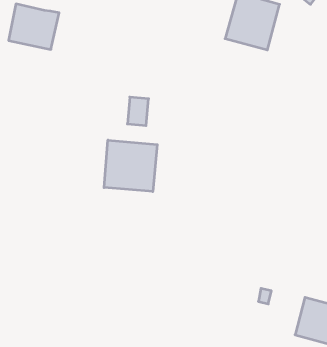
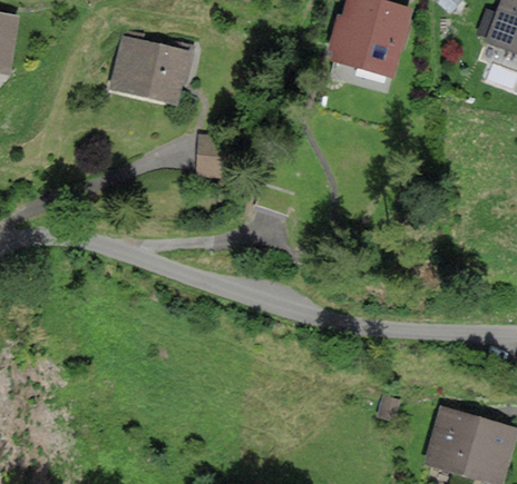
building: [9,4,59,49] -> [115,38,184,100]
building: [104,140,157,192] -> none

